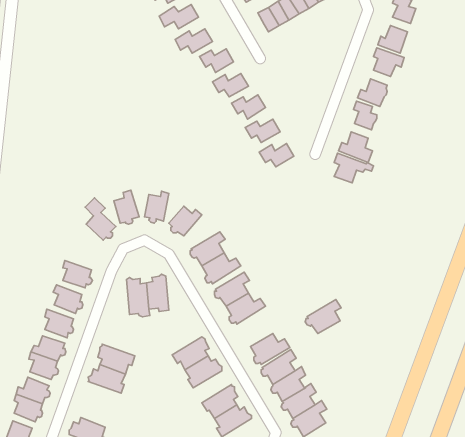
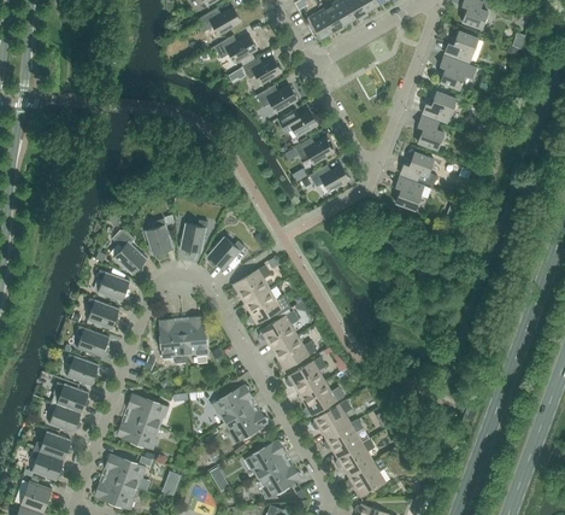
building: none -> [96,270,130,302]
building: [305,299,341,333] -> [286,357,326,396]
building: none -> [104,453,146,487]

